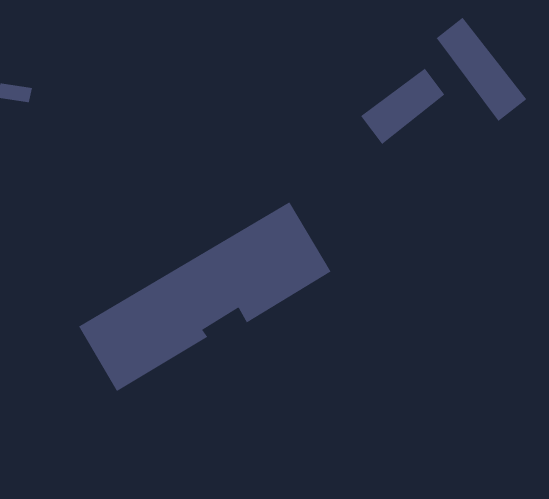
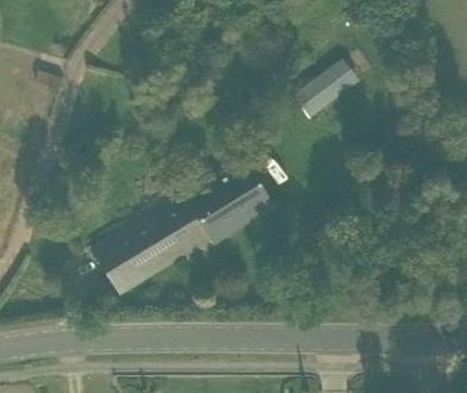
building: [436,17,527,122] -> none

